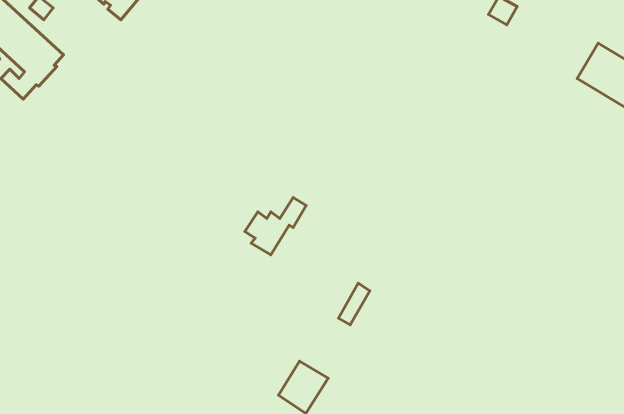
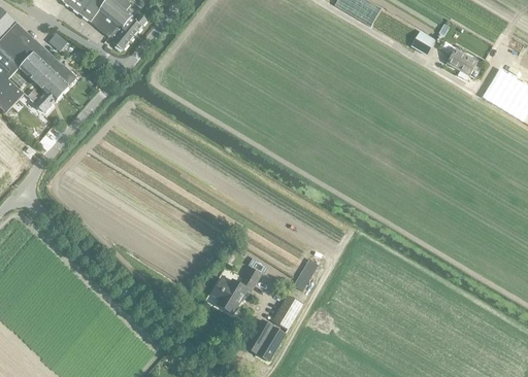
building: none -> [447,47,476,75]
building: [245,198,306,255] -> [211,267,260,312]
building: none -> [271,294,302,330]

